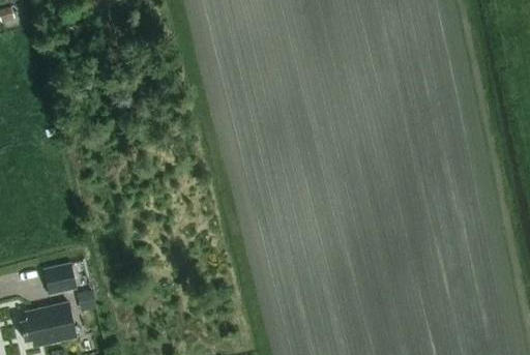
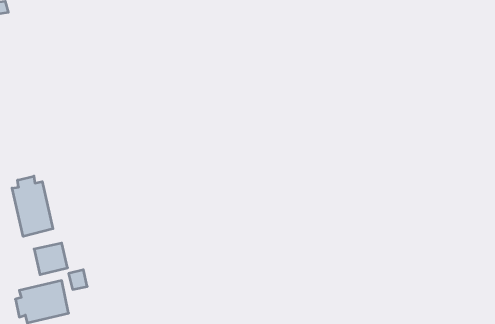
building: none -> [12,176,53,236]

